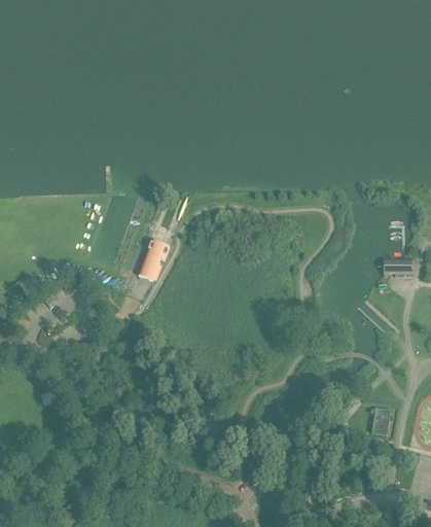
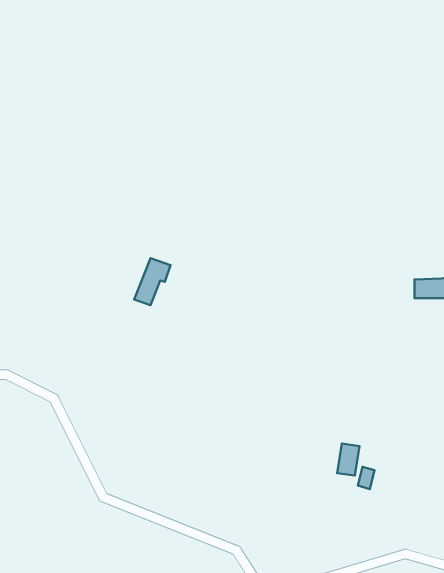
building: [371,407,391,434] -> [337,444,359,475]

